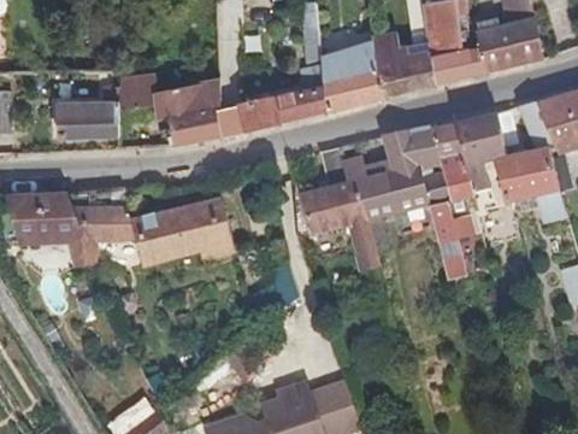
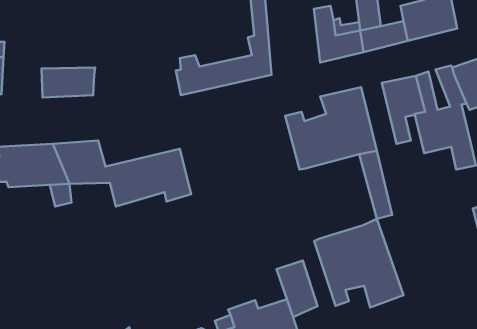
building: [322,45,383,112] -> none
building: [119,75,220,146] -> none
building: [431,122,473,201] -> none
building: [300,182,374,257] -> none
building: none -> [314,219,403,308]
building: none -> [277,260,318,317]

